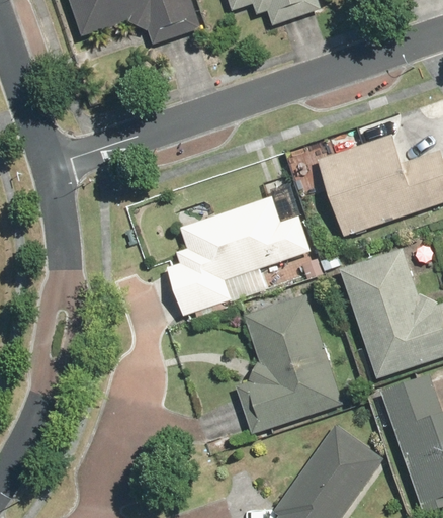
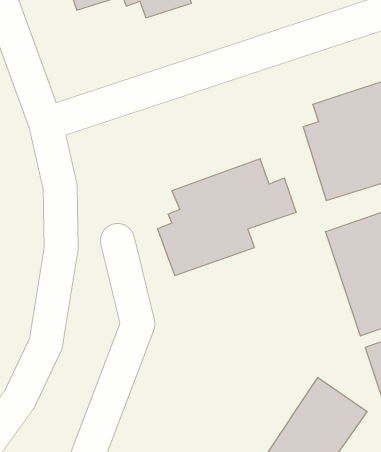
building: [235,296,341,432] -> none

